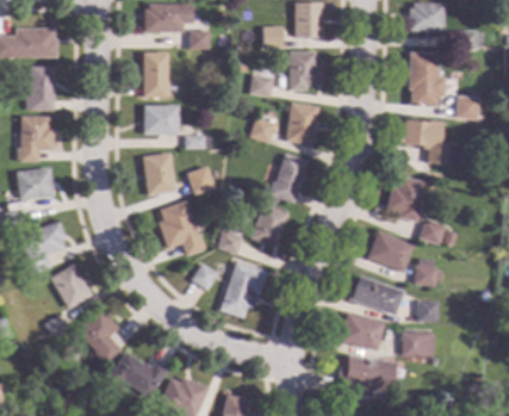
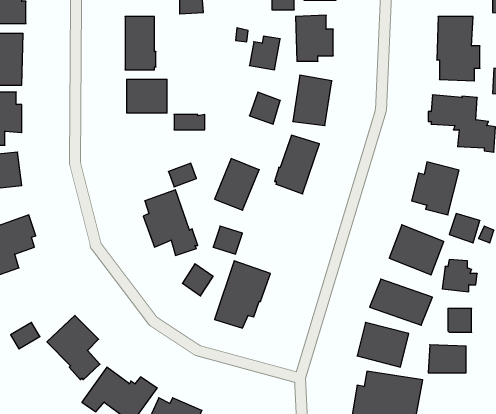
building: [143,151,175,194] -> none
building: [250,203,288,247] -> [215,159,259,210]
building: [51,263,93,308] -> none

